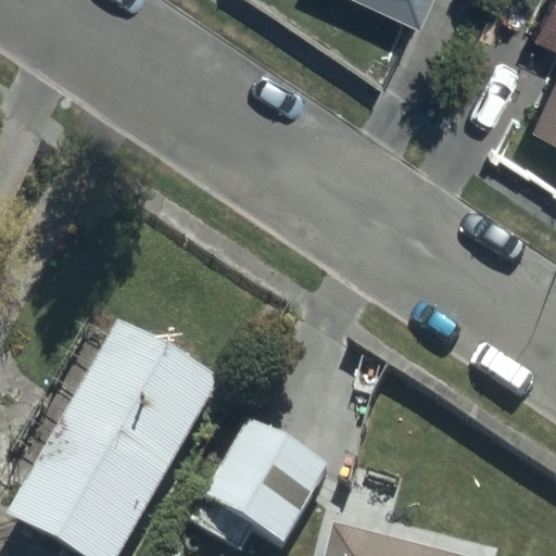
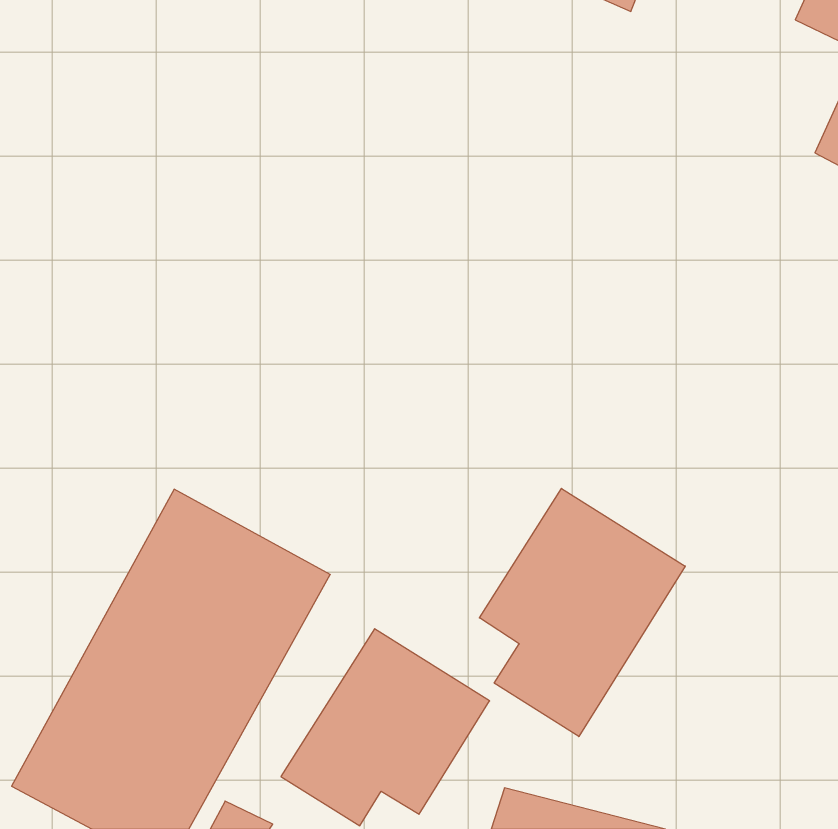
building: none -> [479,488,685,737]

